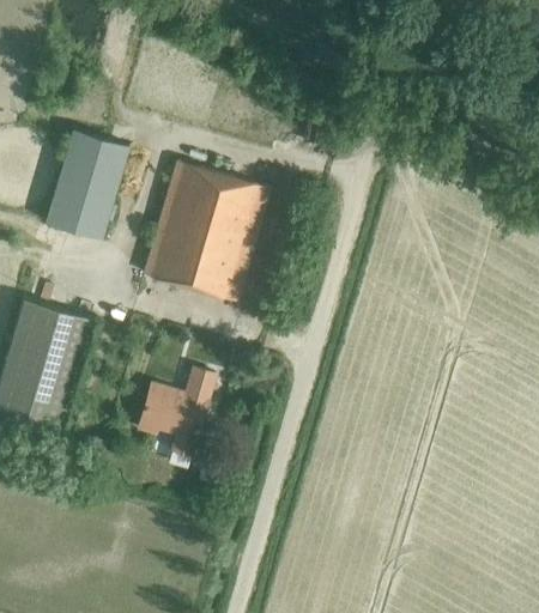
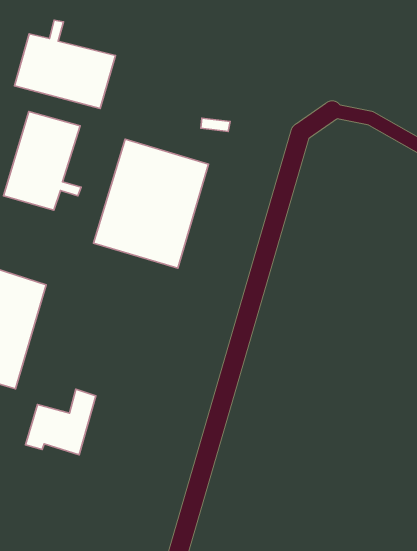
building: none -> [14,20,116,109]
building: [138,368,214,439] -> [26,389,96,455]

